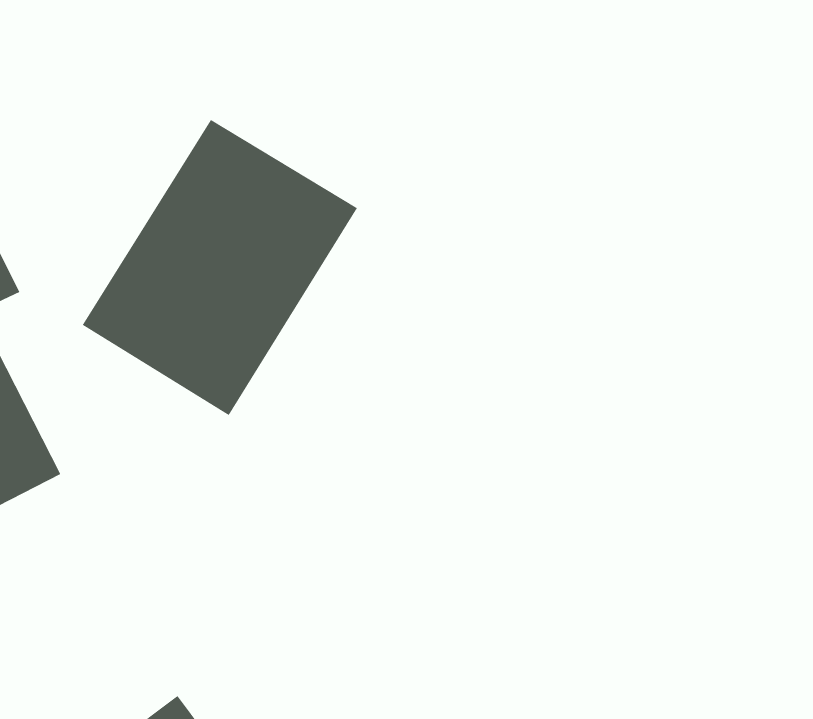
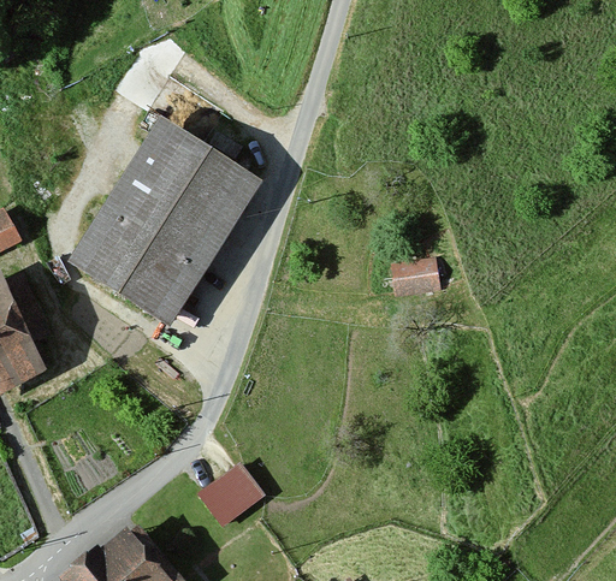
building: none -> [393,256,443,298]
building: none -> [197,462,265,528]

